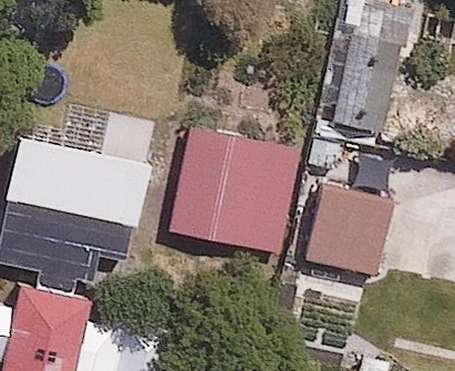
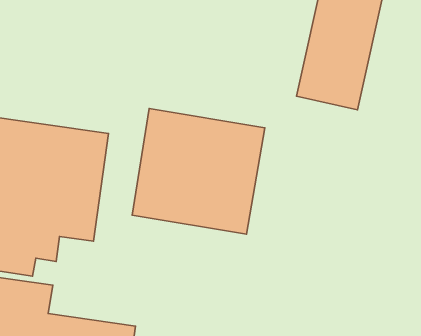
building: [309,196,396,268] -> none

